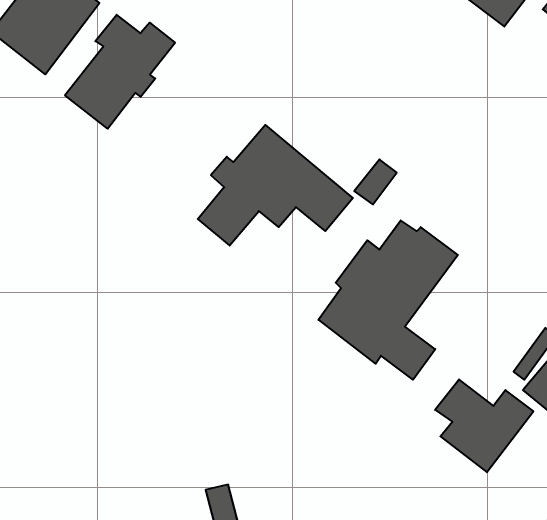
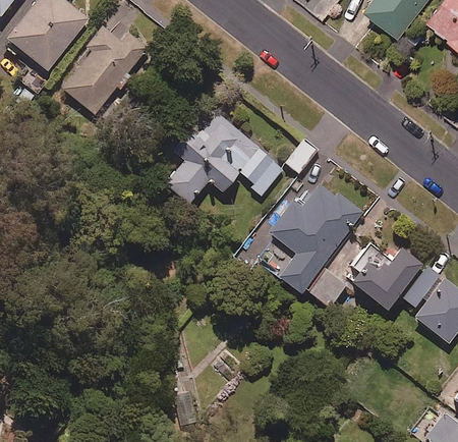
building: [435,379,533,472] -> [347,242,422,314]

